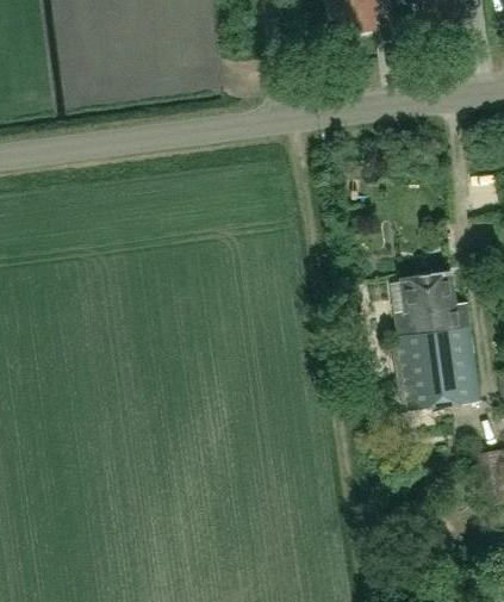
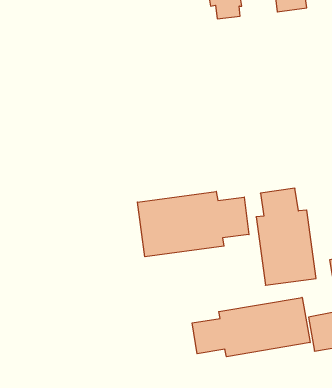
building: none -> [137,191,249,257]
building: none -> [192,297,310,357]

